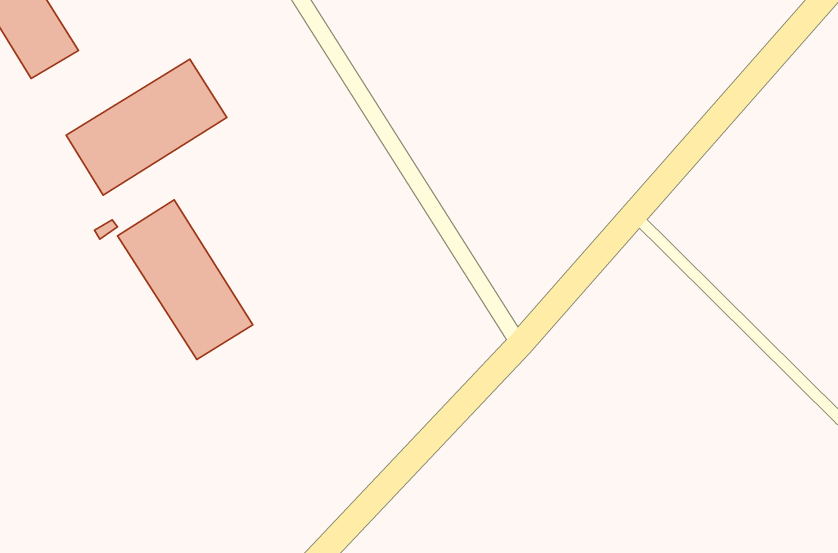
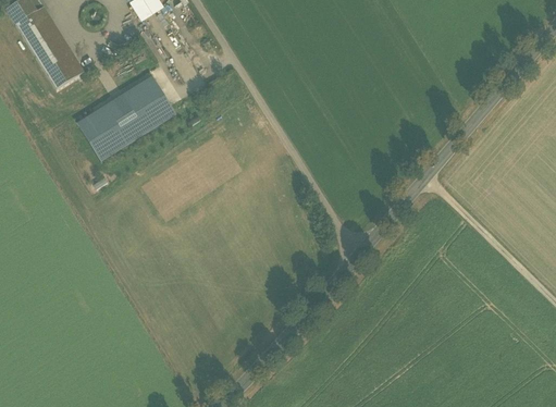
building: [118,200,253,359] -> none

